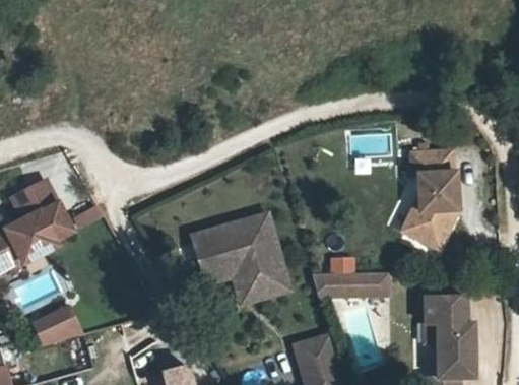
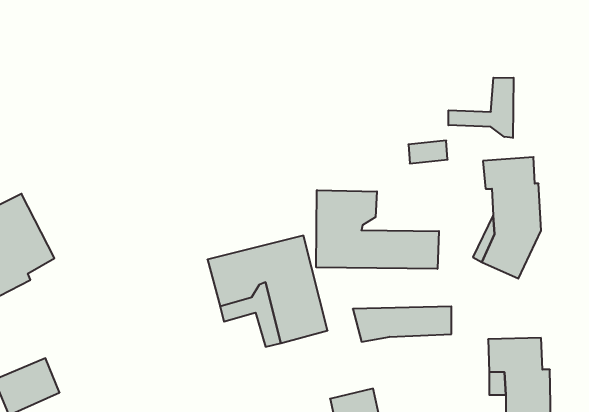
building: none -> [448,78,514,138]
building: none -> [316,190,439,269]

